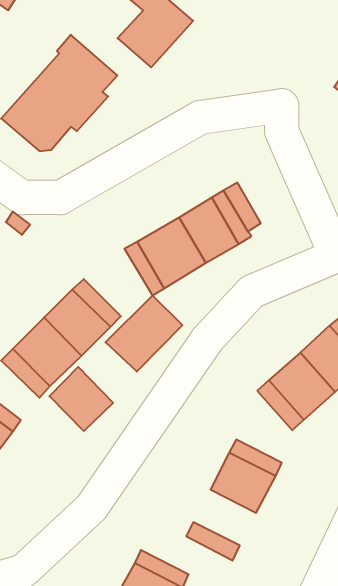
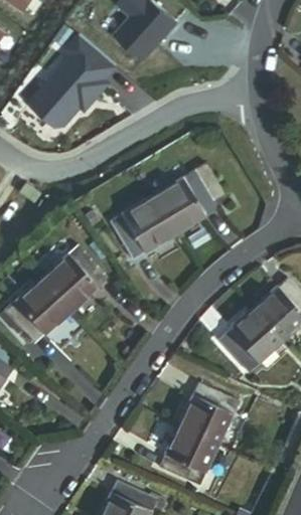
building: [105,295,182,372] -> none
building: [49,367,113,431] -> none
building: none -> [172,425,227,474]

